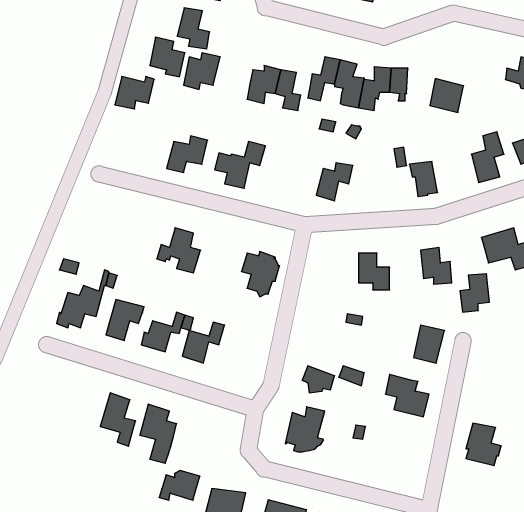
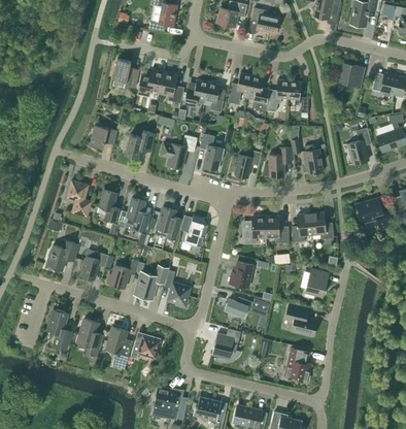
building: [177,8,210,49] -> [160,72,183,102]
building: [115,76,154,109] -> [90,124,119,147]
building: [430,79,464,113] -> [340,62,365,87]
building: none -> [200,133,225,170]
building: none -> [262,146,293,176]
building: none -> [67,179,92,216]
building: none -> [98,189,120,221]
building: none -> [155,206,182,239]
building: none -> [242,216,266,242]
building: [460,274,489,312] -> [292,213,313,241]
building: none -> [230,261,253,287]
building: none -> [165,270,192,307]
building: none -> [47,309,72,349]
building: [466,423,501,466] -> [286,348,312,378]
building: [159,471,200,500] -> [131,336,161,358]

